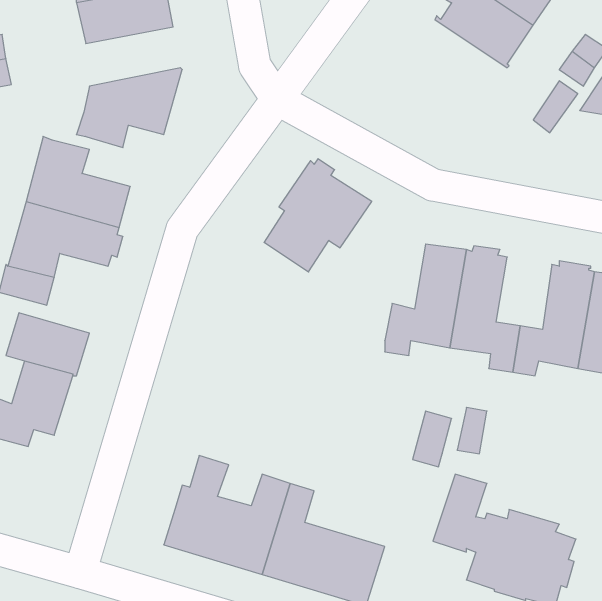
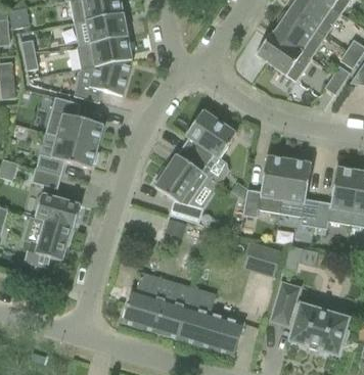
building: none -> [256,32,311,81]
building: none -> [77,36,131,68]
building: none -> [154,153,207,223]

